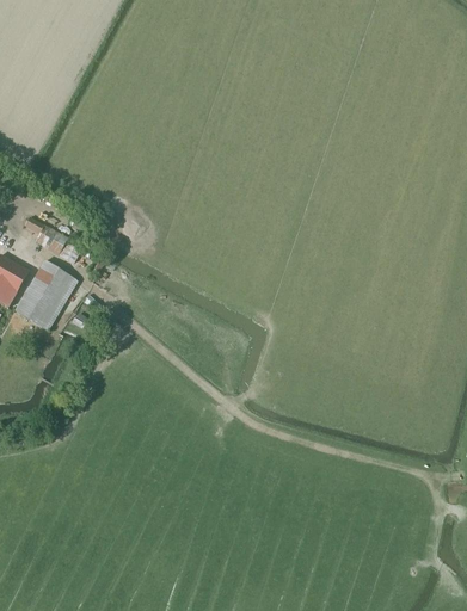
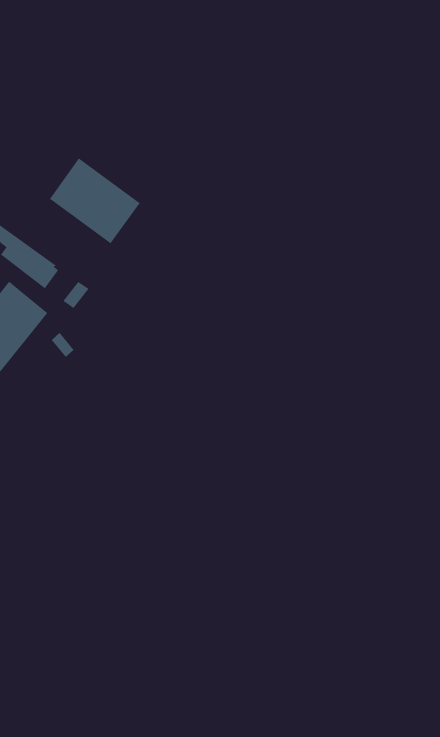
building: none -> [49,158,141,244]

